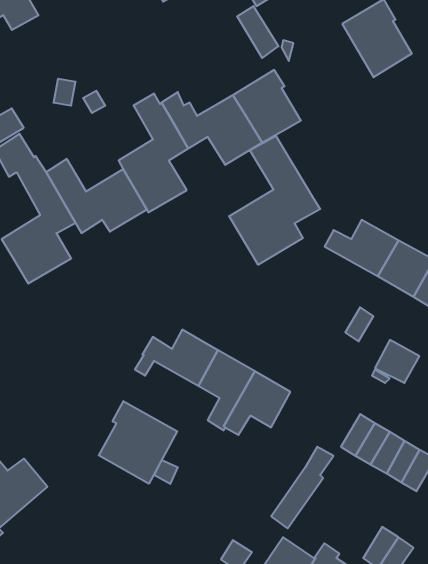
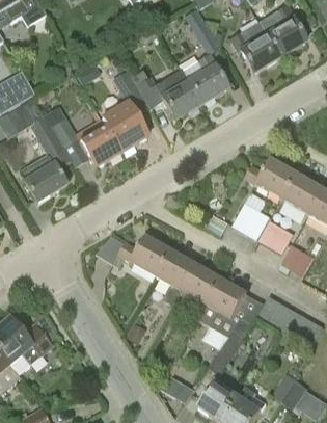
building: none -> [229,21,280,74]
building: [229,136,320,265] -> none
building: none -> [233,203,269,239]
building: none -> [199,279,248,325]
building: [99,401,177,484] -> none

